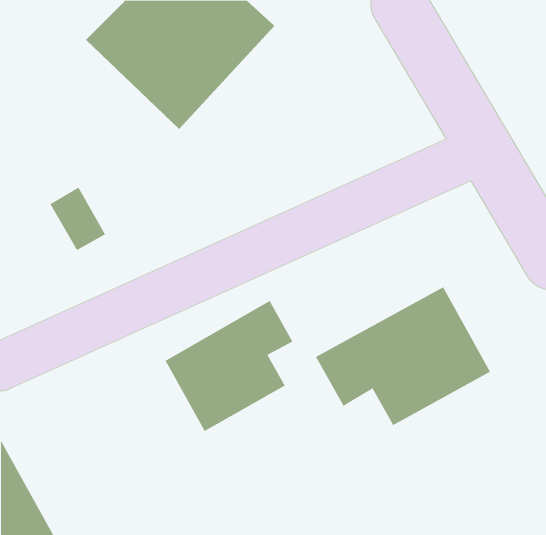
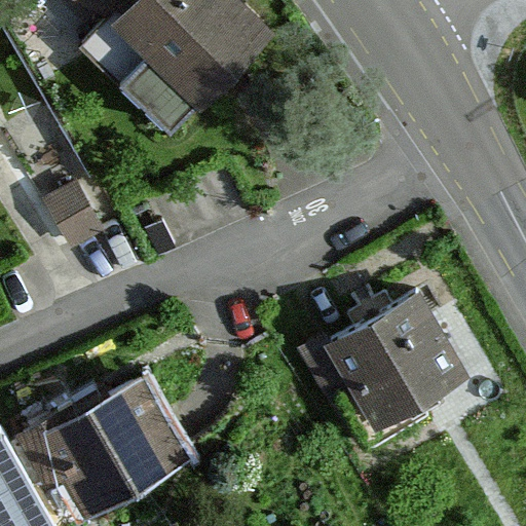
building: [165,300,293,432] -> none
building: none -> [26,377,190,516]

